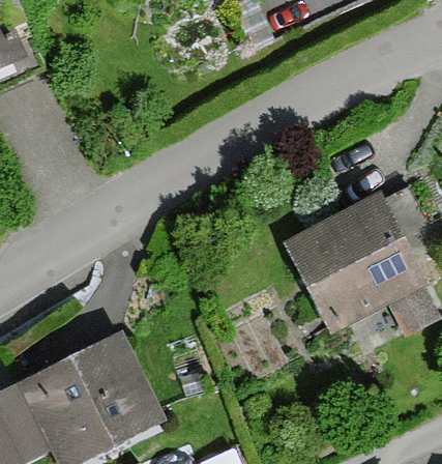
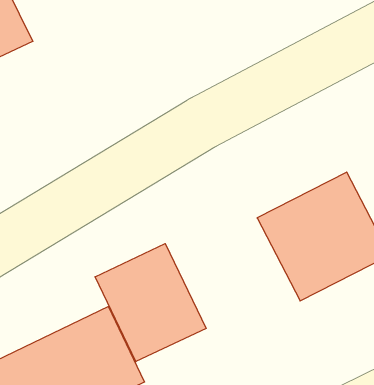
building: none -> [95,244,206,362]

